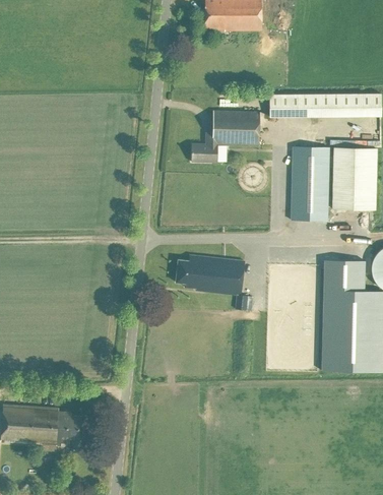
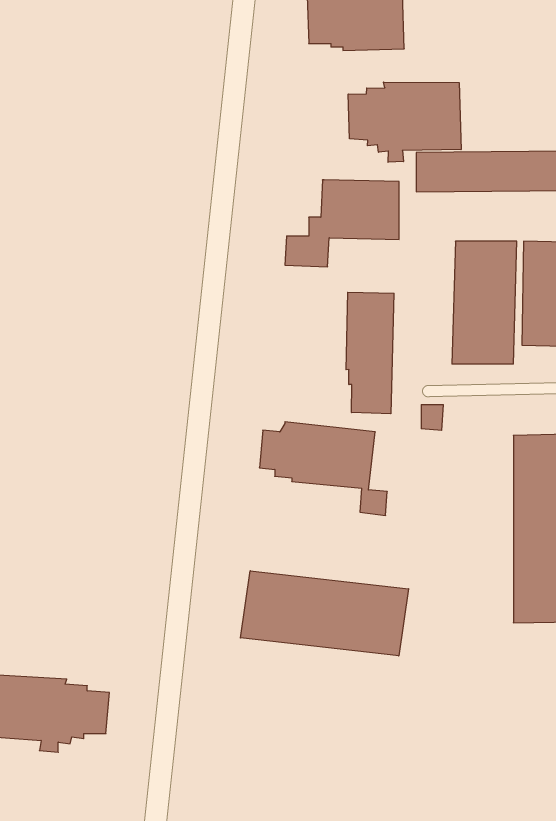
building: none -> [348,82,461,162]
building: none -> [346,292,394,414]
building: none -> [240,571,409,656]

